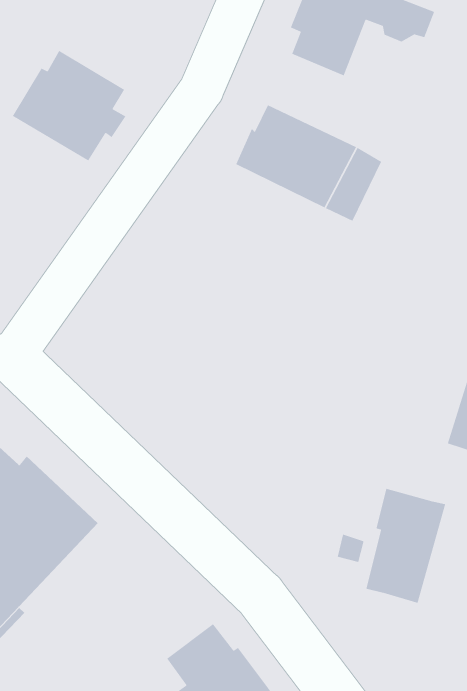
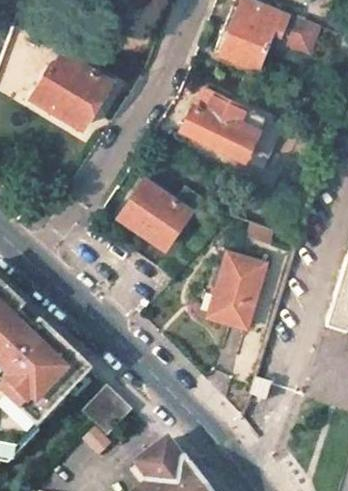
building: none -> [120,180,190,248]
building: [365,488,446,604] -> [213,252,268,331]
building: none -> [82,387,131,436]

